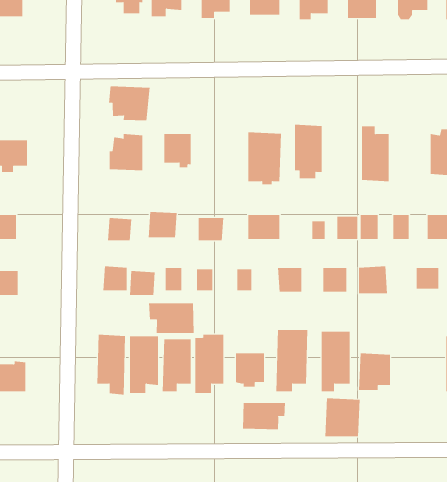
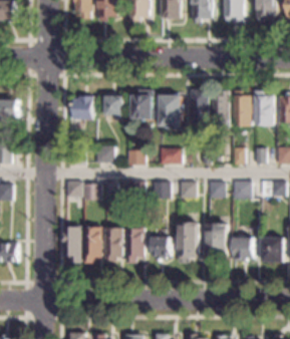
building: [108,85,150,121] -> none
building: none -> [133,89,154,118]
building: none -> [212,90,230,119]
building: none -> [254,90,274,125]
building: [149,303,194,334] -> none
building: [325,398,360,437] -> [261,237,284,262]
building: [242,402,285,430] -> none

